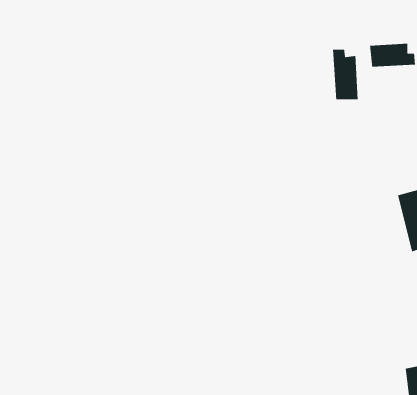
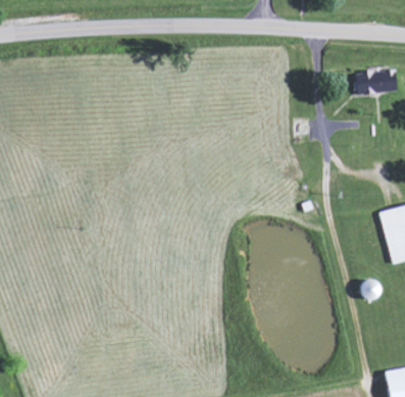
building: [332,49,359,100] -> none

